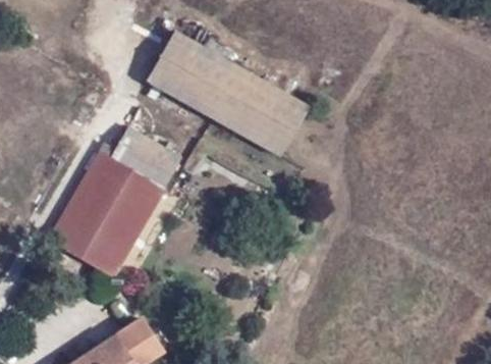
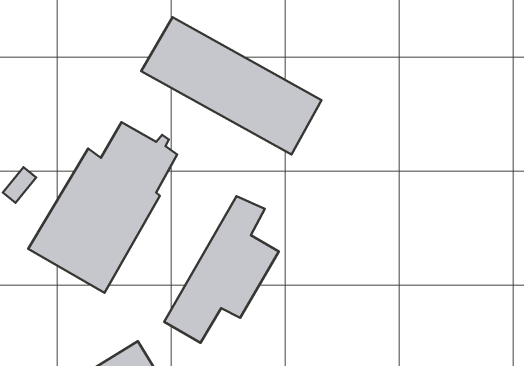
building: none -> [164,196,279,343]

